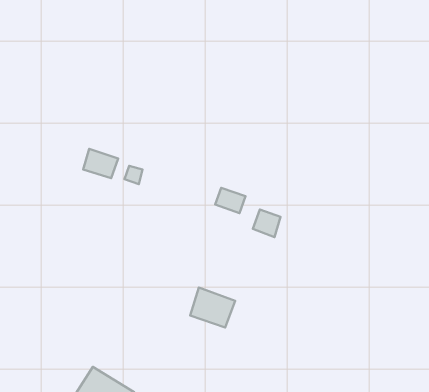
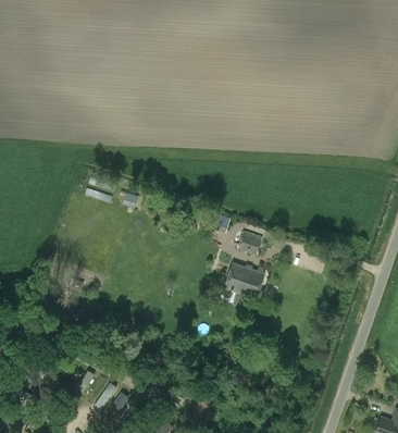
building: [190,288,235,327] -> [224,262,264,298]

